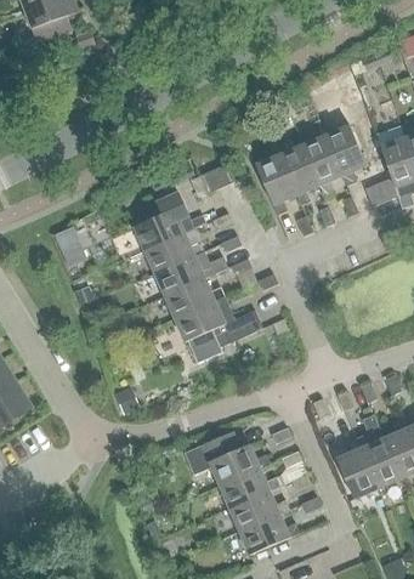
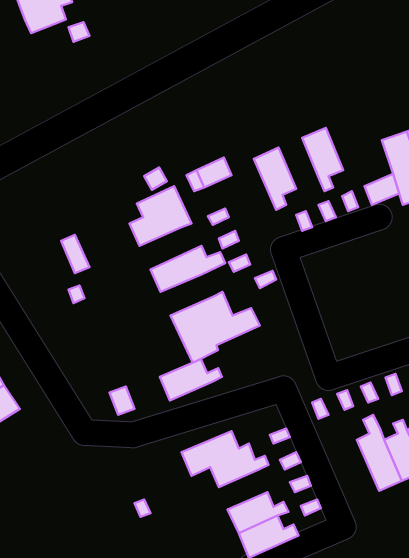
building: [325,124,367,185] -> none
building: [279,143,319,204] -> none
building: [143,231,204,272] -> none
building: [164,277,225,317] -> [160,359,222,400]
building: [336,438,378,499] -> none
building: [221,467,278,506] -> none

